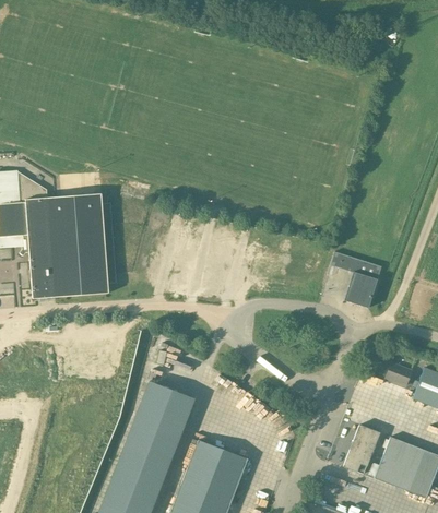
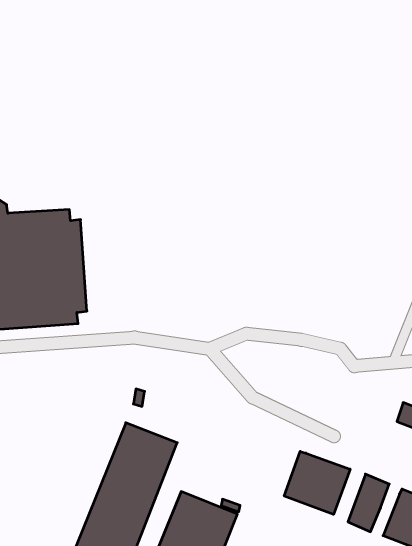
building: [330,252,381,309] -> none
building: none -> [284,451,350,514]

